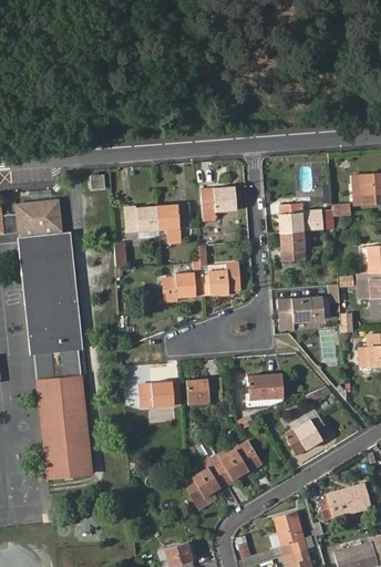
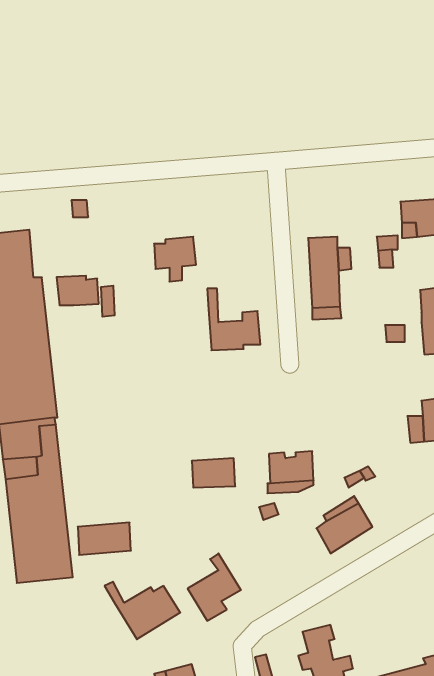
building: [199,188,236,220] -> none
building: [124,208,157,231] -> [57,276,99,305]
building: [162,262,202,300] -> none
building: [277,298,325,329] -> none
building: [138,382,181,408] -> [78,523,131,555]
building: [199,439,259,484] -> [105,582,180,639]
building: [318,483,371,520] -> none

